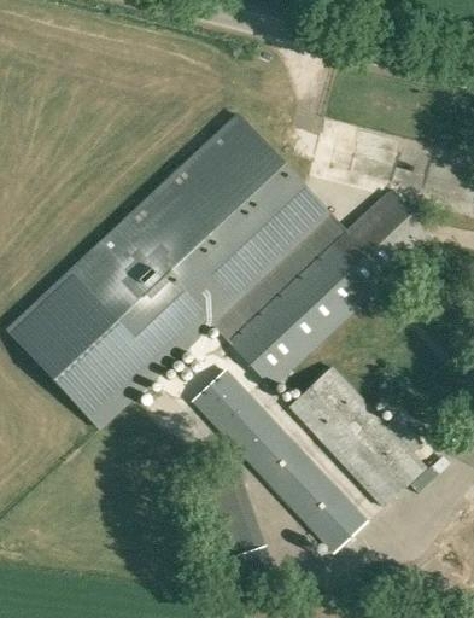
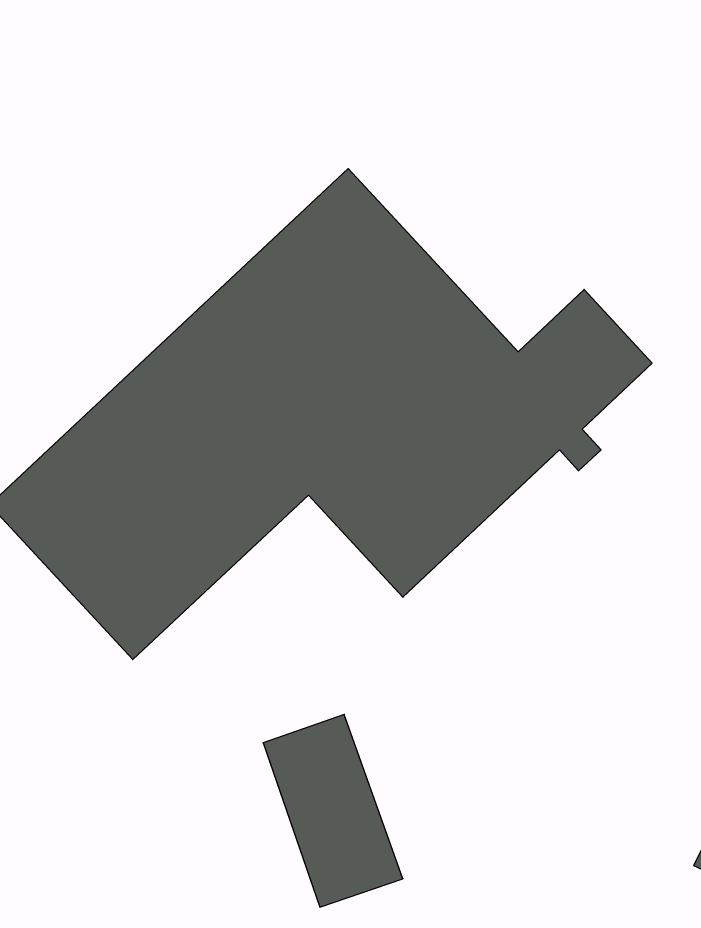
building: [288,363,427,506] -> none
building: [191,366,368,552] -> none

